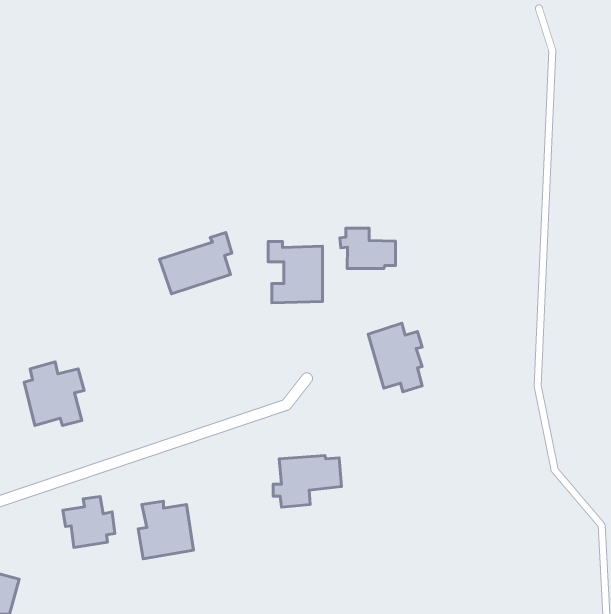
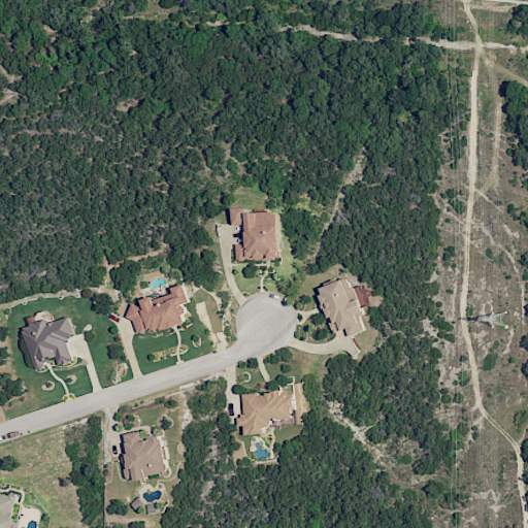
building: [340,228,396,269] -> none
building: [160,233,232,294] -> [125,284,187,336]
building: [63,497,115,547] -> none

